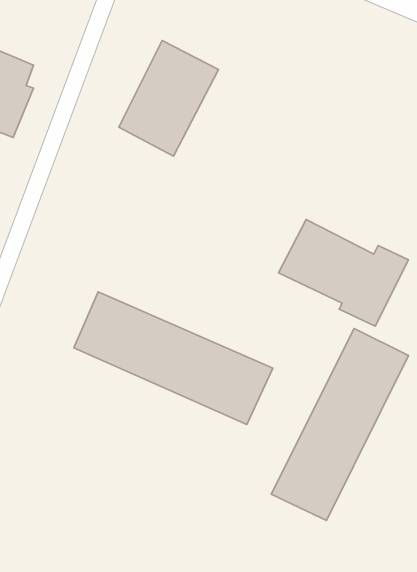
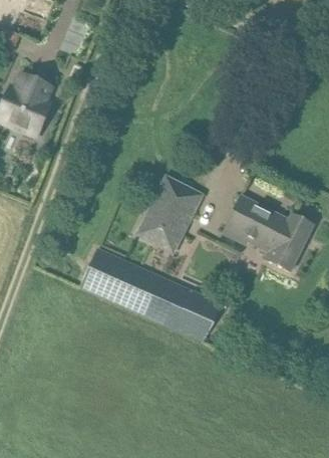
building: [119,41,218,156] -> [135,174,205,254]
building: [271,328,408,521] -> none

